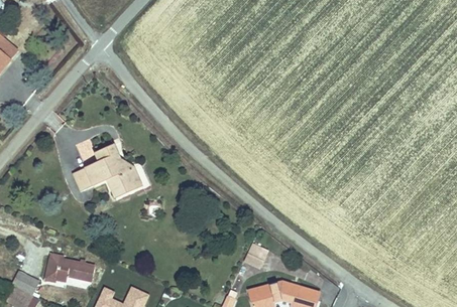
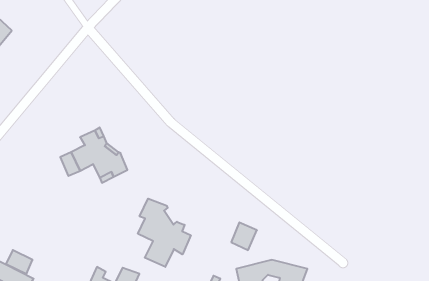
building: none -> [138,199,191,267]
building: [42,254,92,282] -> none

